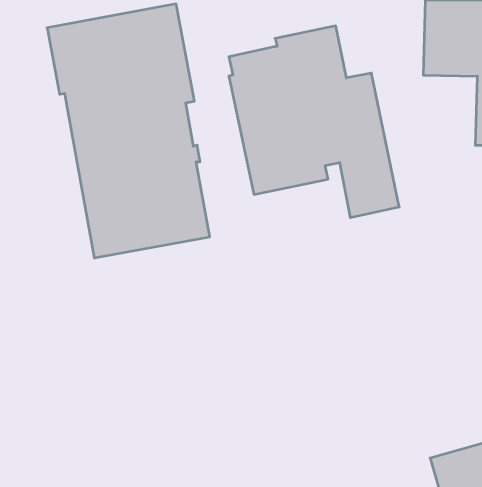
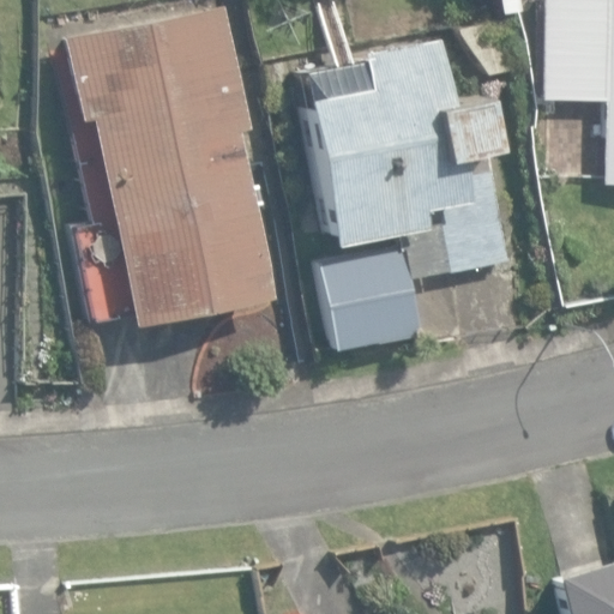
building: none -> [317,241,421,353]

